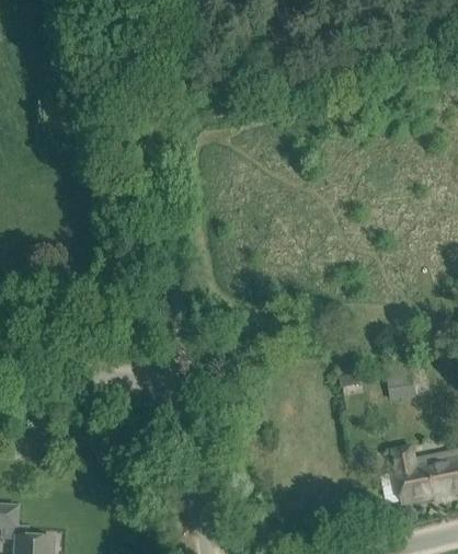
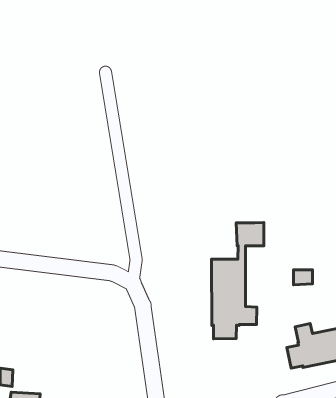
building: none -> [211,223,264,339]

